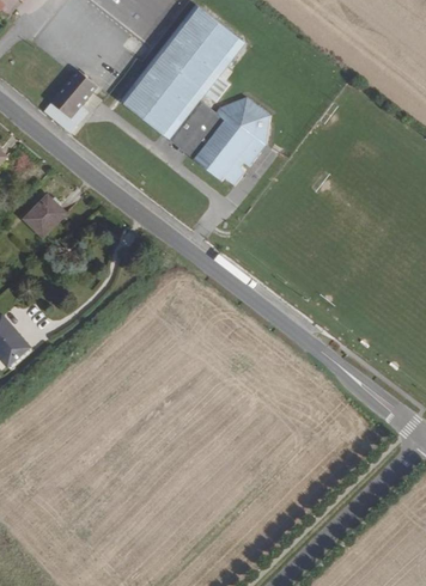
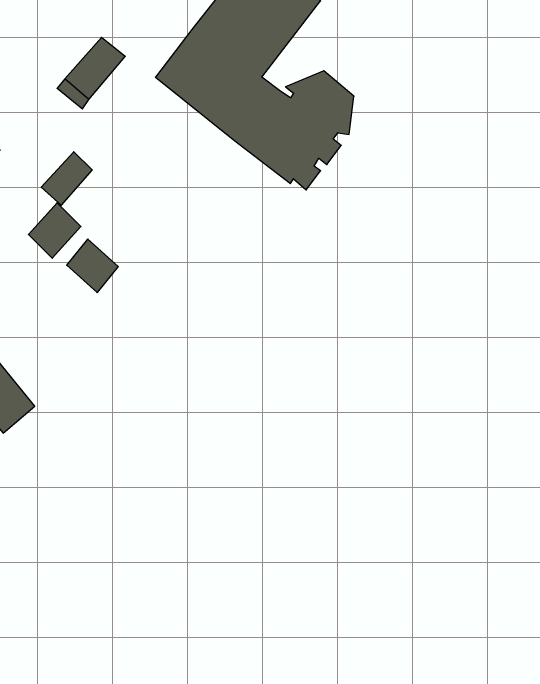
building: none -> [41,152,92,205]
building: none -> [67,239,118,293]

